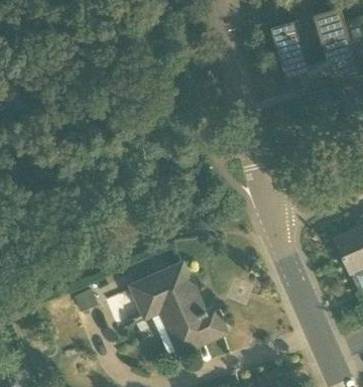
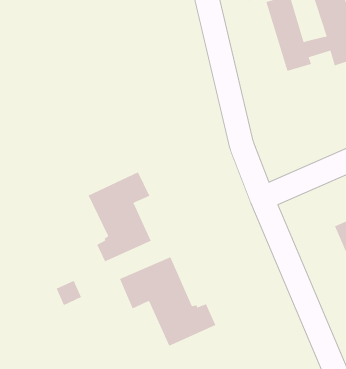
building: none -> [88,171,151,262]

